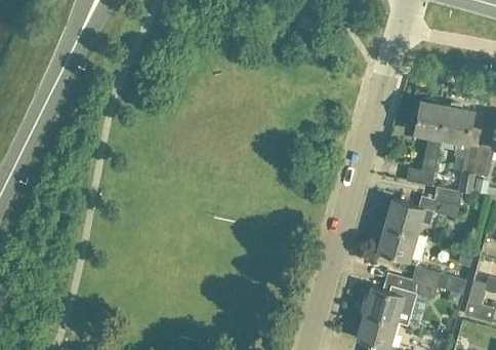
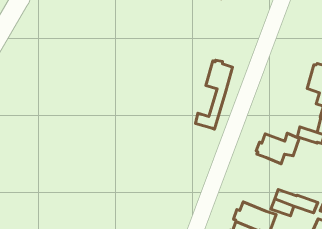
building: [406,99,447,186] -> [195,60,233,129]
building: [375,225,416,260] -> none

